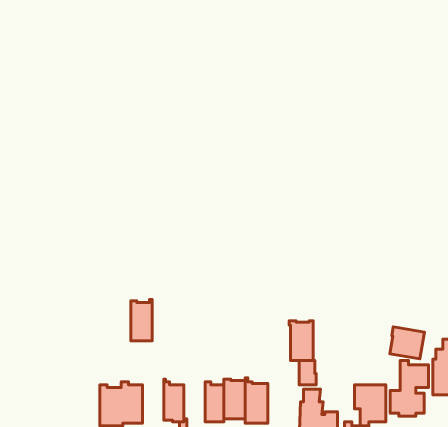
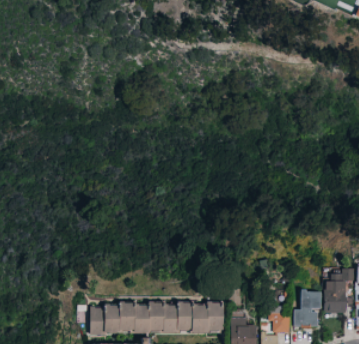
building: [131,300,152,341] -> [120,301,135,330]
building: [289,321,313,361] -> [207,302,224,330]
building: [390,327,424,359] -> none
building: none -> [148,301,164,330]

